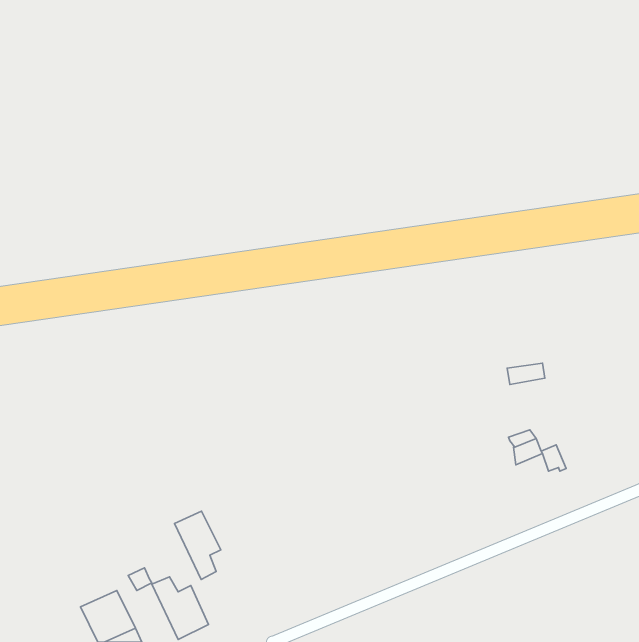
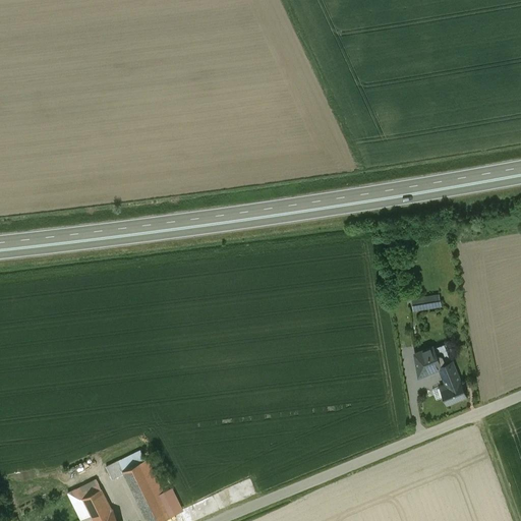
building: none -> [442,379,467,402]
building: [174,511,221,580] -> none

